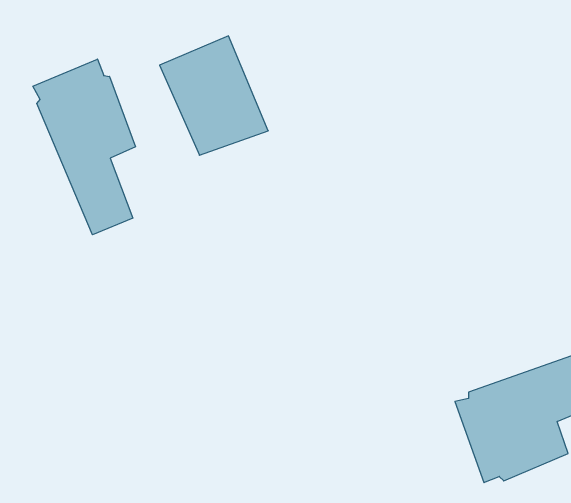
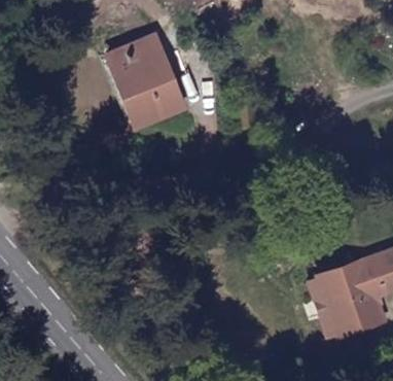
building: [33,59,135,235] -> none

